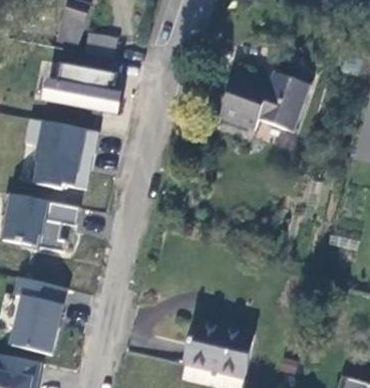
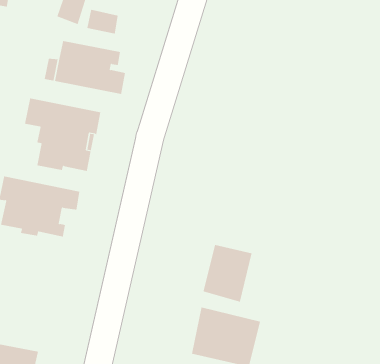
building: [221,72,309,132] -> none
building: none -> [203,244,252,302]
building: [11,278,66,356] -> none

